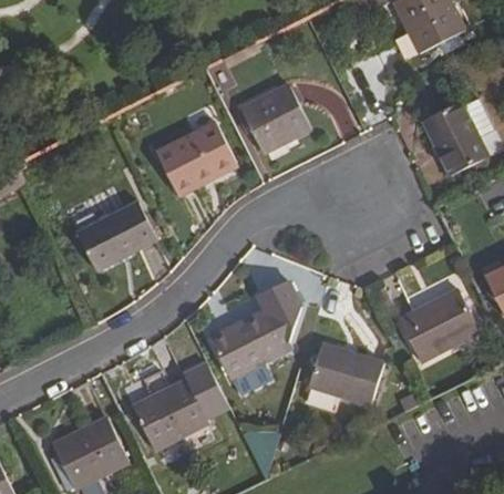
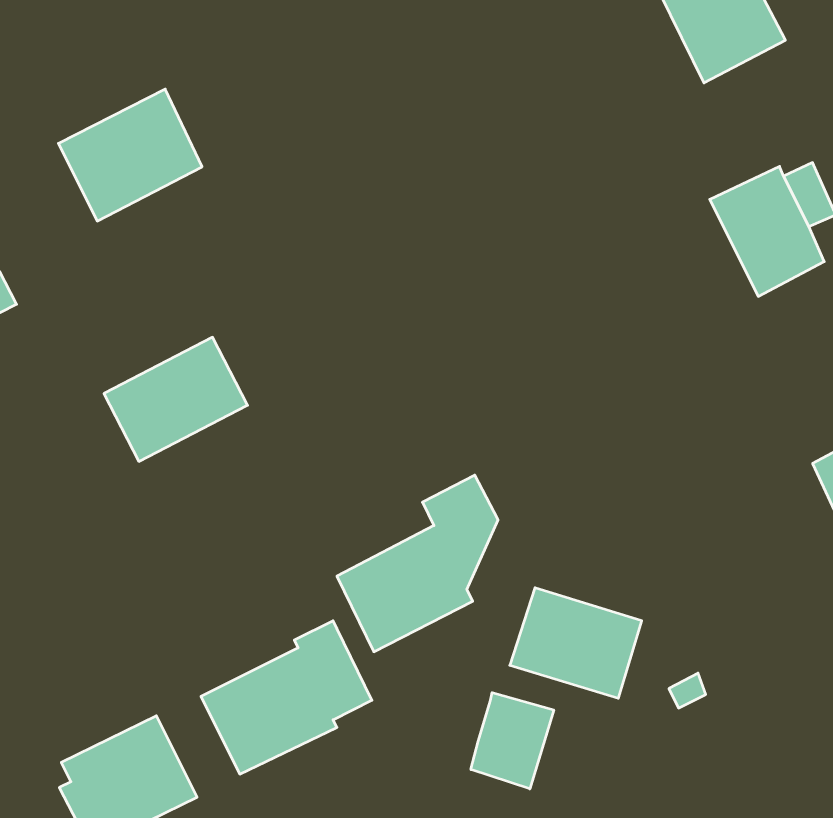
building: [240,83,310,153] -> none
building: [155,121,237,196] -> [58,89,202,221]
building: [398,289,479,363] -> none
building: none -> [471,693,554,789]

